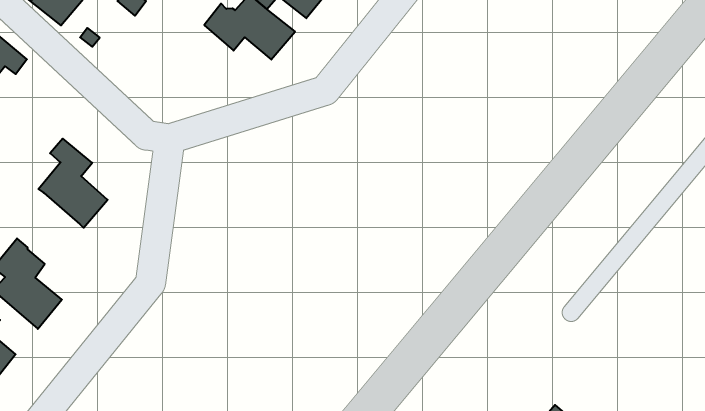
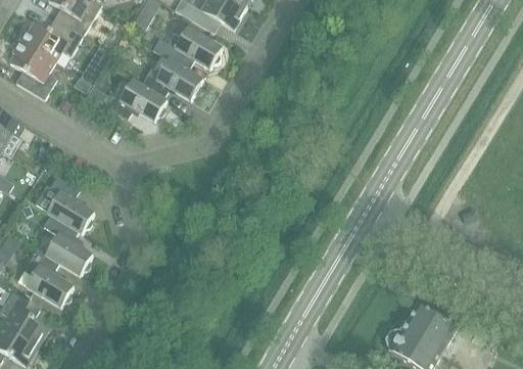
building: none -> [104,78,167,121]
building: none -> [43,214,92,275]

